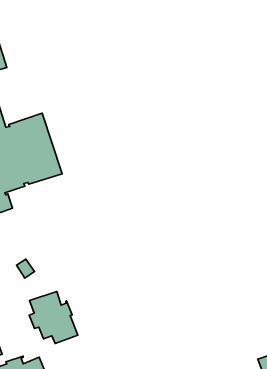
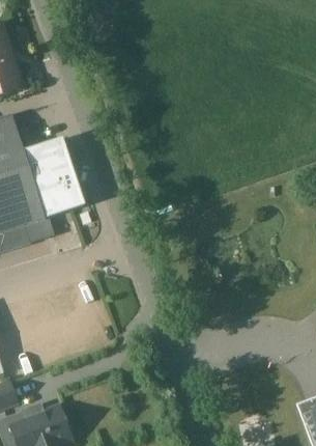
building: [29,291,78,343] -> none

